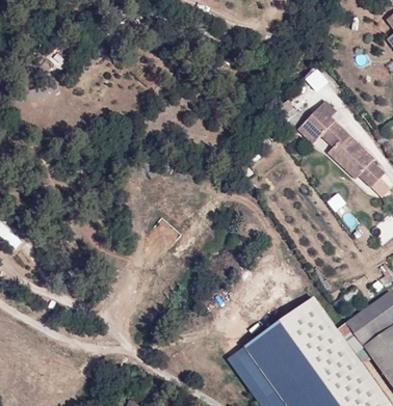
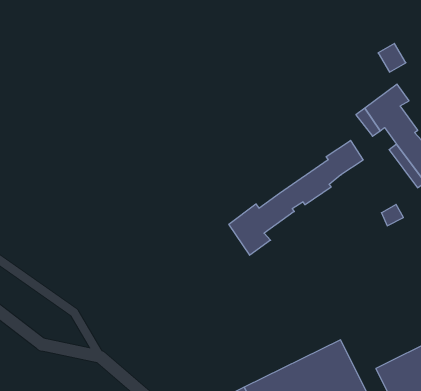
building: none -> [229,140,363,255]

